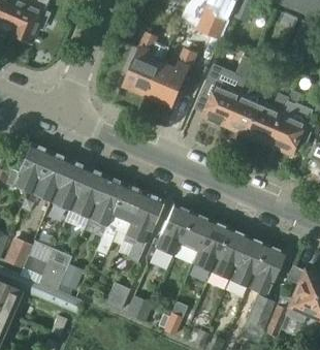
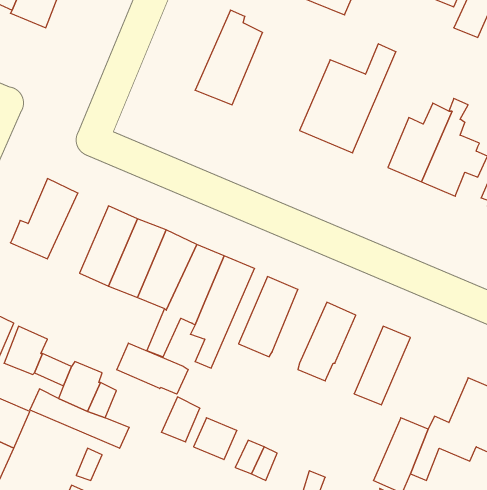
building: [151,50,197,105] -> none
building: [228,60,264,134] -> none
building: [32,151,71,202] -> none
building: [177,213,212,260] -> none
building: [211,229,248,280] -> none
building: [247,244,284,295] -> none
building: none -> [117,343,188,394]

